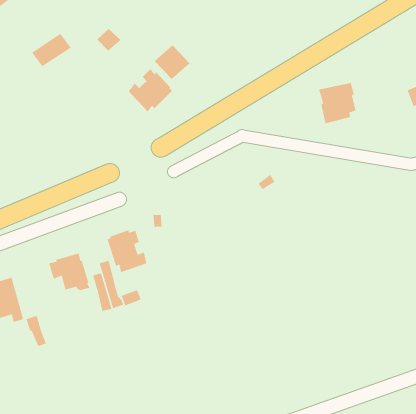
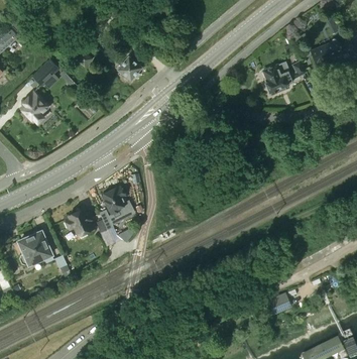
building: [128,69,173,112] -> none
building: none -> [21,93,47,124]
building: [318,82,356,124] -> [263,64,291,95]

